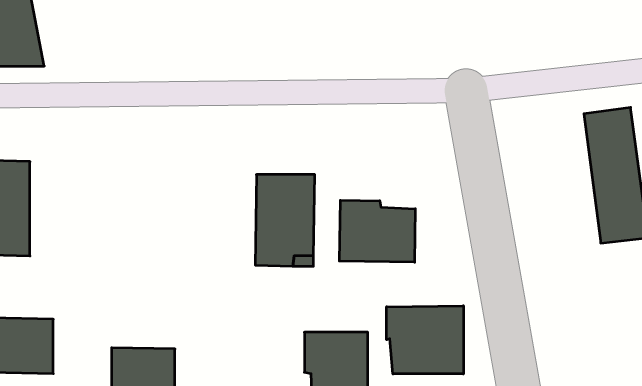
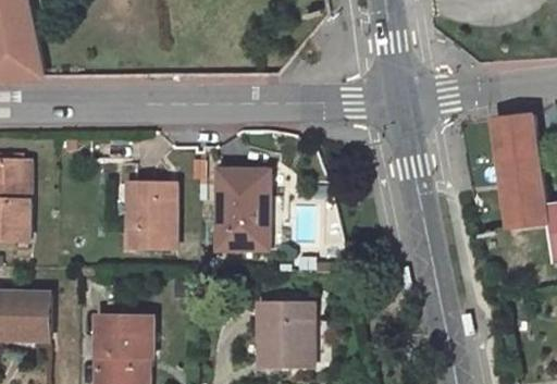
building: none -> [127,182,173,246]
building: [339,200,415,262] -> none
building: [387,306,463,374] -> none

